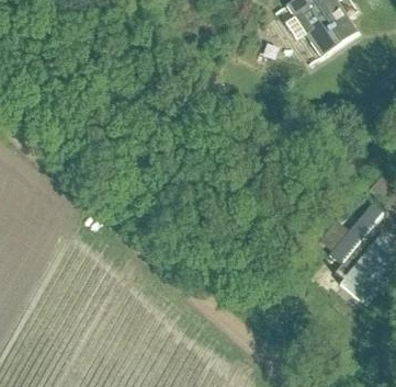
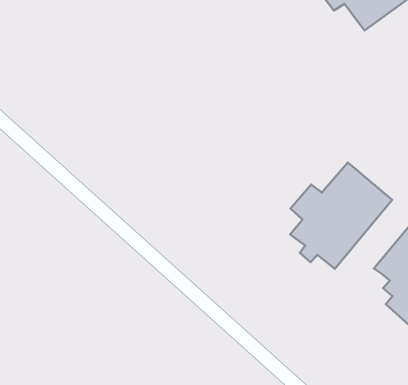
building: none -> [290,163,392,269]

